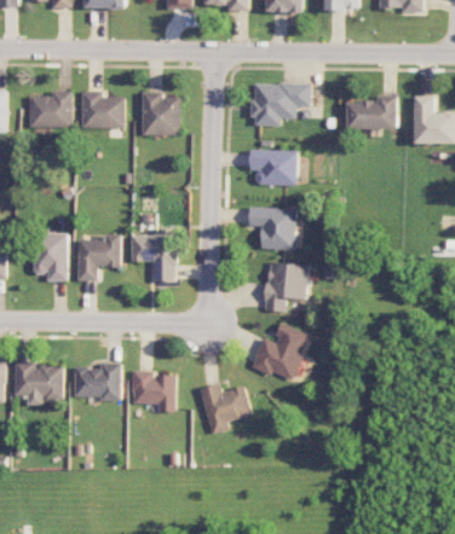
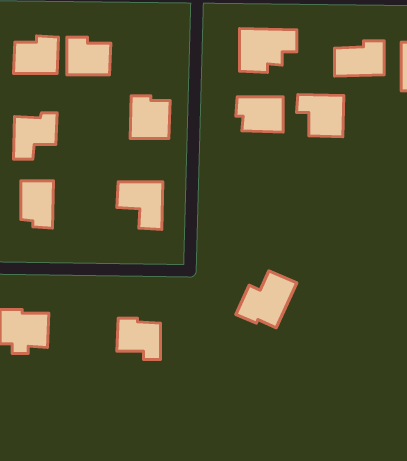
building: [142,93,182,135] -> [130,96,170,138]
building: [248,208,295,250] -> [297,94,344,137]
building: [77,236,121,281] -> [13,113,57,159]
building: [265,263,307,312] -> none
building: [74,364,120,399] -> none
building: [200,384,250,435] -> none

